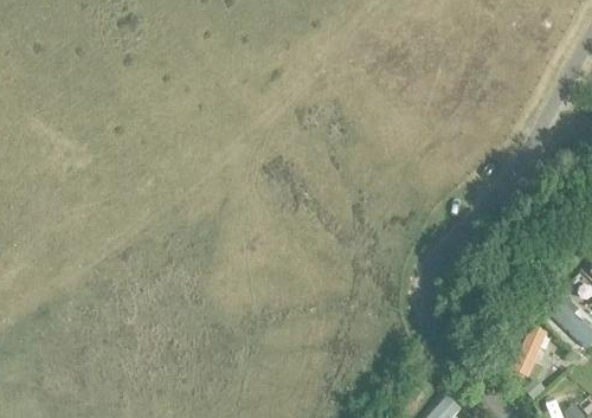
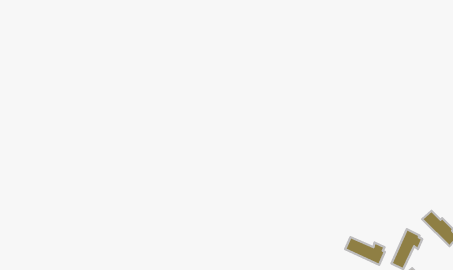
building: none -> [345,237,385,265]

